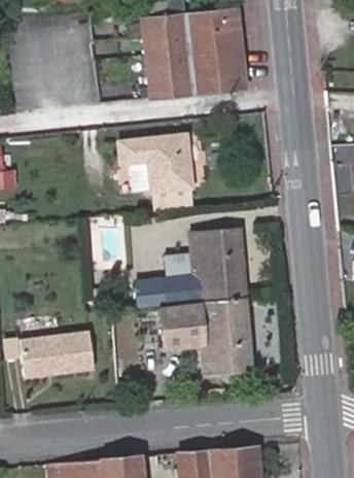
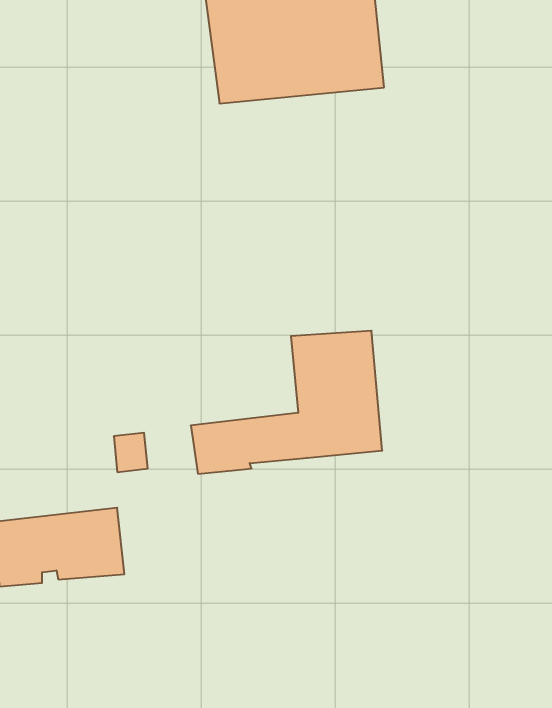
building: [120,135,191,193] -> none
building: [162,298,254,373] -> none

